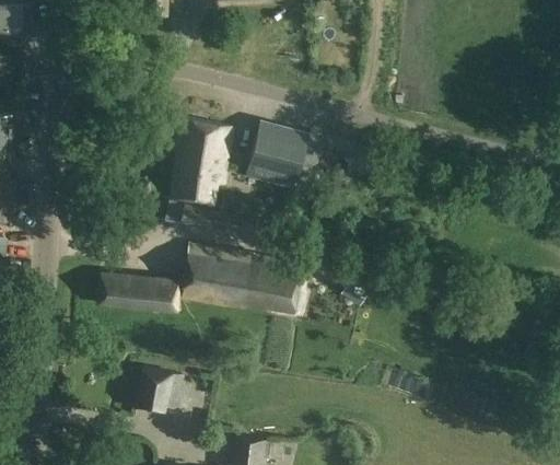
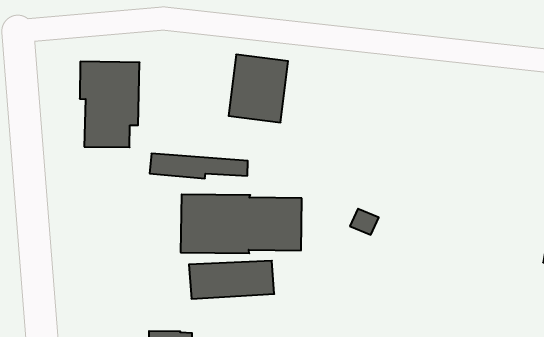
building: [172,117,235,205] -> [80,62,140,147]
building: [100,272,180,312] -> [189,261,274,299]

